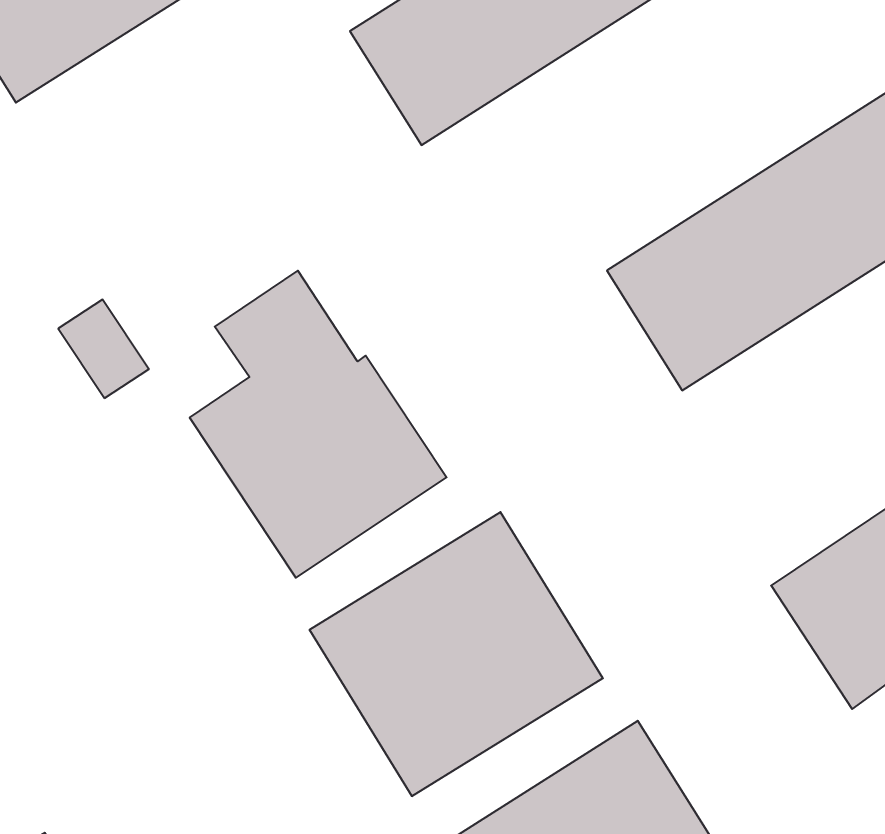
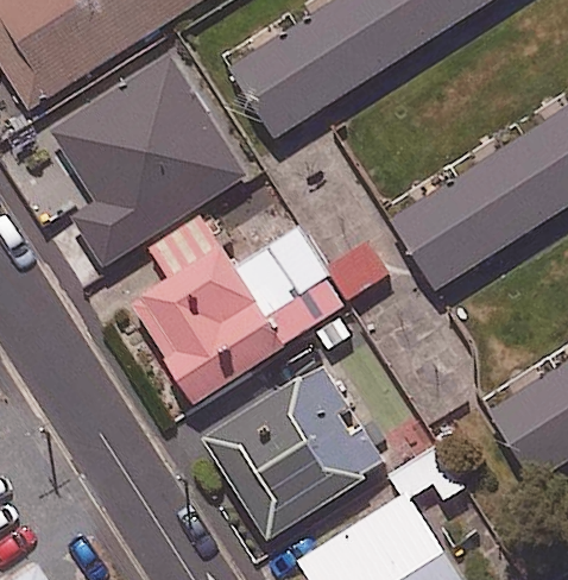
building: none -> [53,58,246,267]
building: none -> [240,227,389,341]

